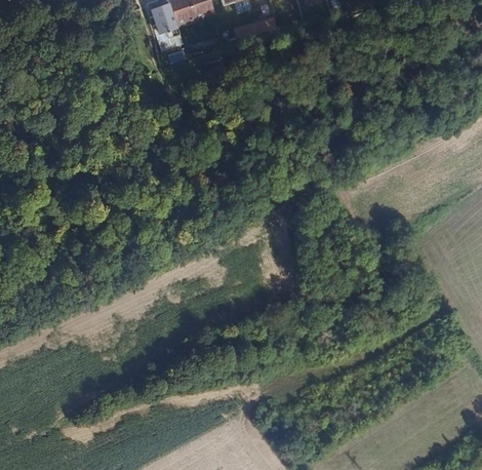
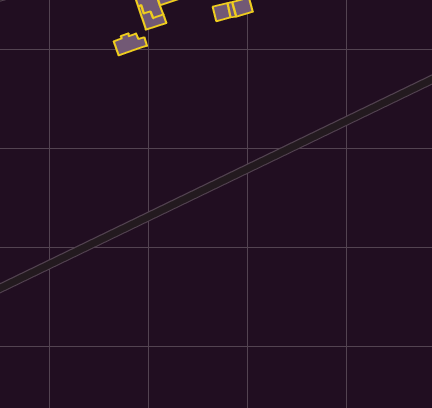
building: none -> [114,33,147,55]

